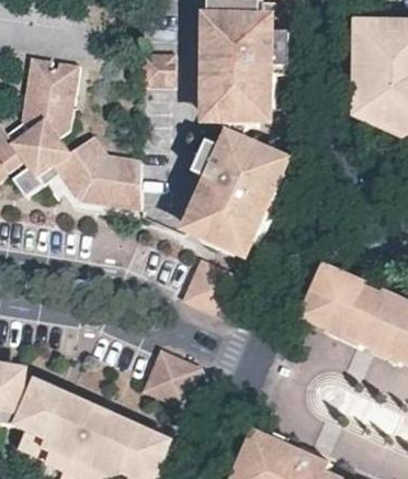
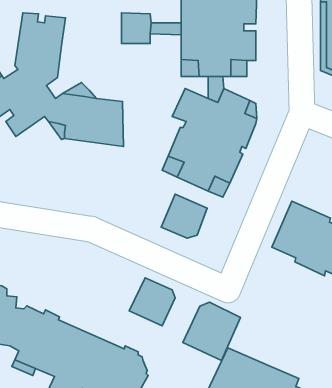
building: none -> [183,302,241,361]

